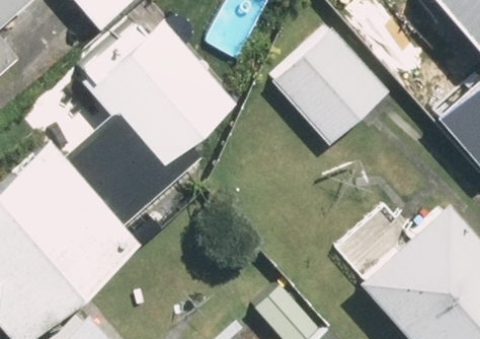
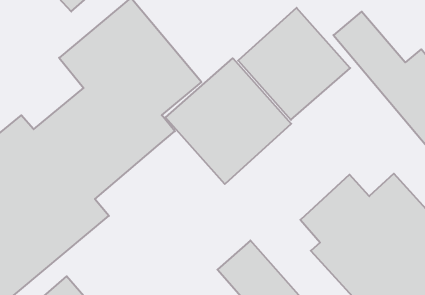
building: none -> [165,58,291,184]

